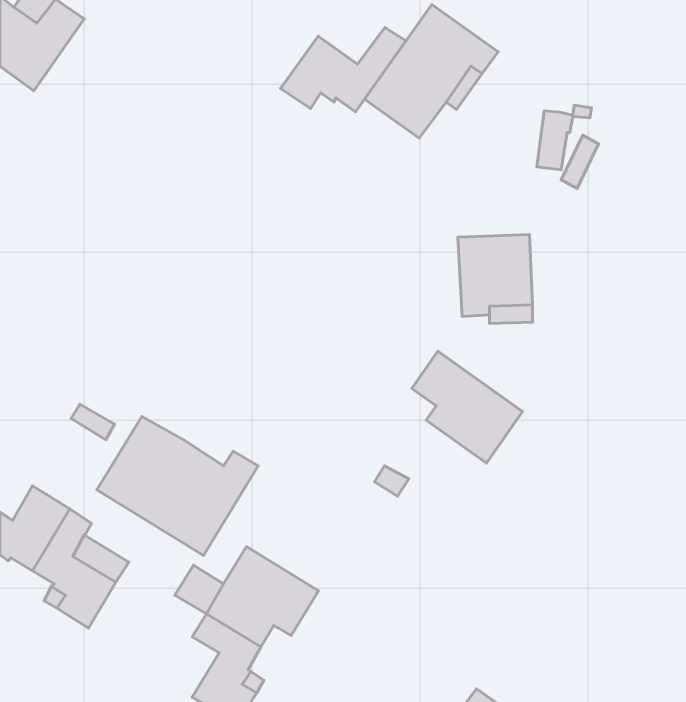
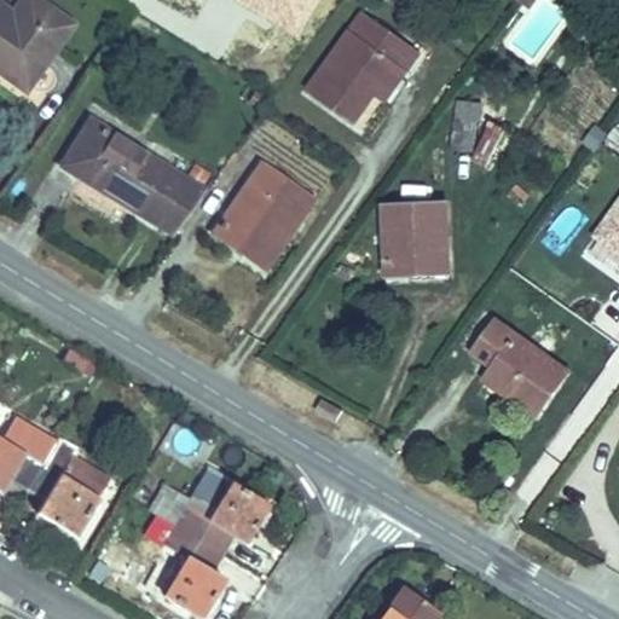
building: [281,28,406,112] -> none
building: none -> [62,118,204,233]
building: none -> [213,162,313,267]
building: [412,351,523,463] -> [474,320,567,415]
building: [97,416,258,555] -> none

